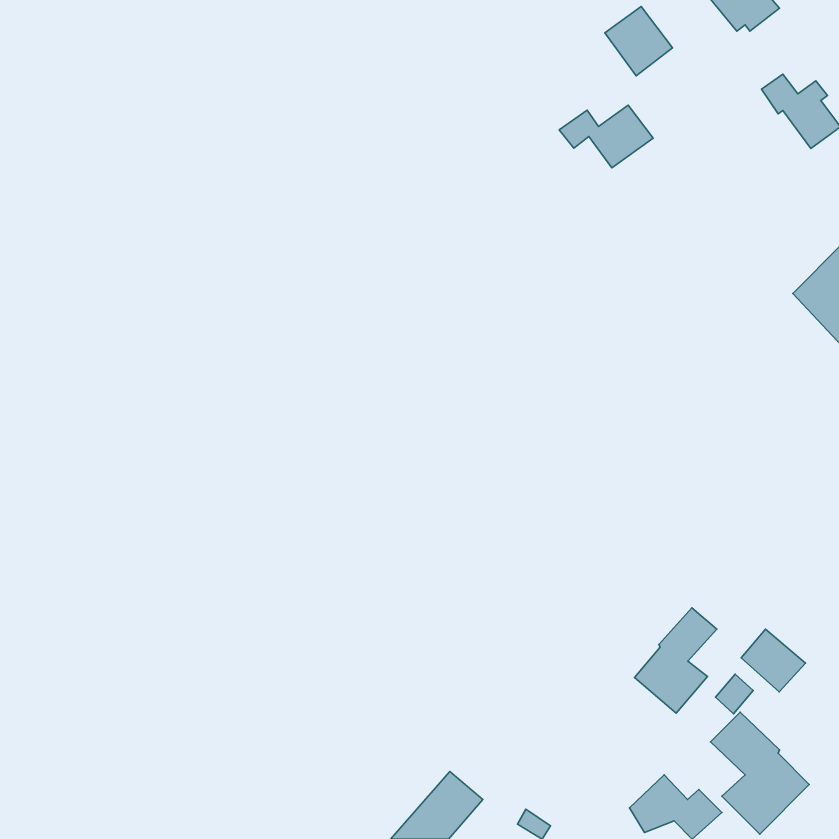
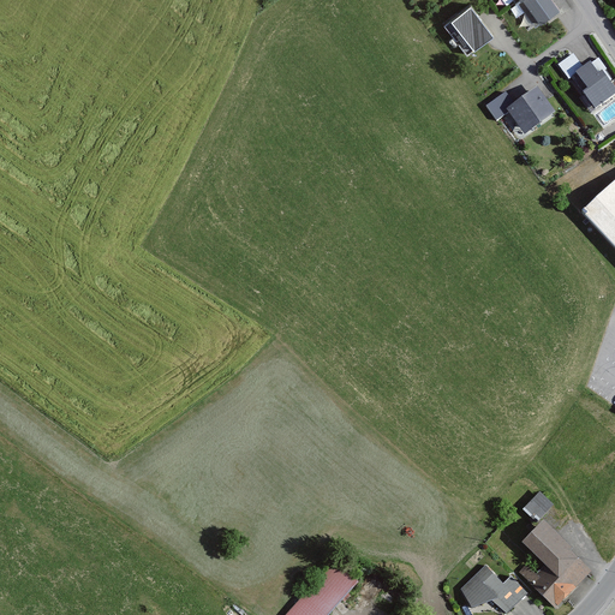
building: [559,105,653,168] -> [485,88,554,133]
building: [634,608,717,713] -> none
building: [741,629,805,692] -> none

